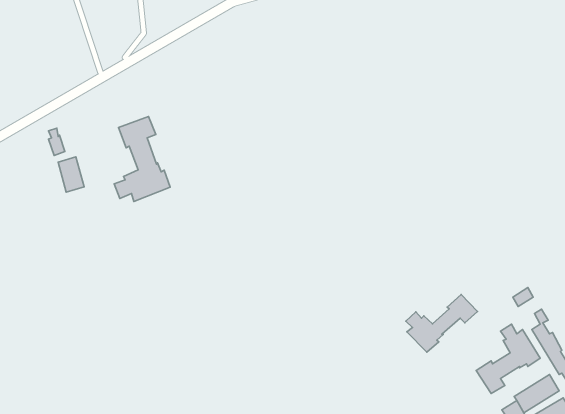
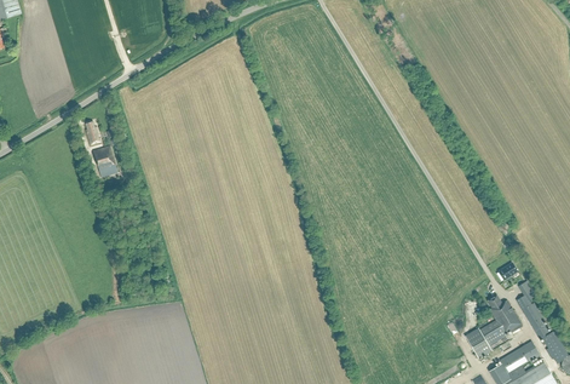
building: [114,116,170,201] -> none
building: [406,295,477,352] -> none

